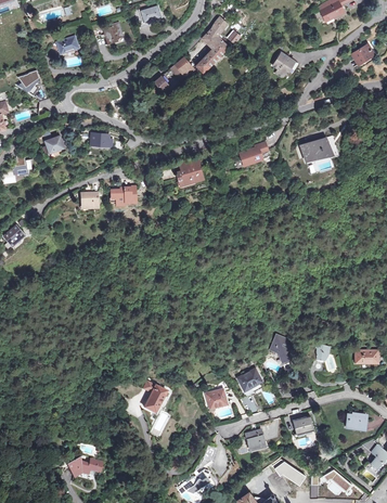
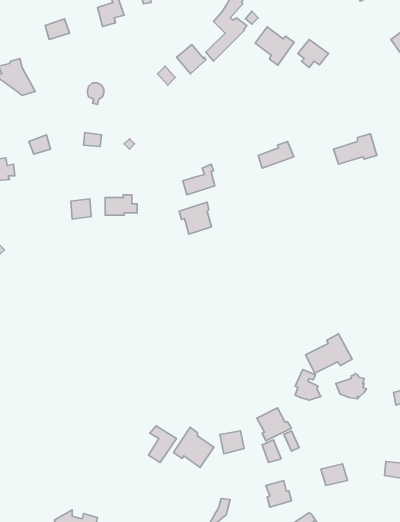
building: none -> [255,27,294,65]
building: none -> [179,202,211,234]
building: none -> [306,334,352,373]
building: none -> [173,427,214,467]

